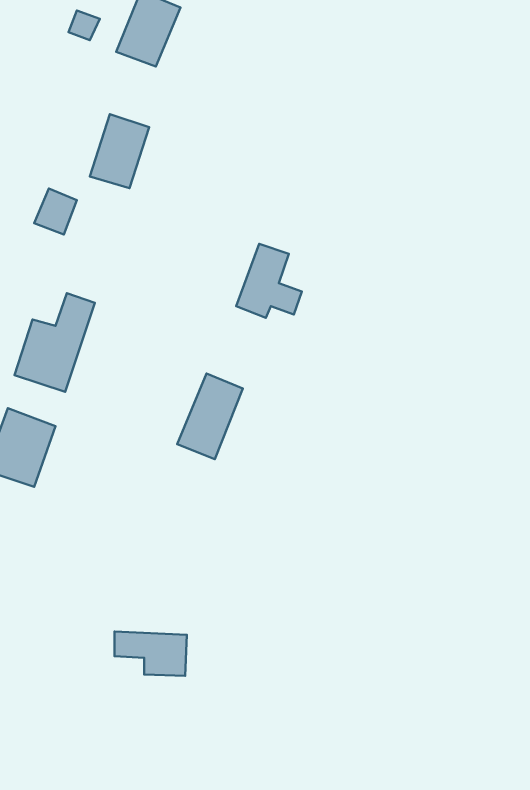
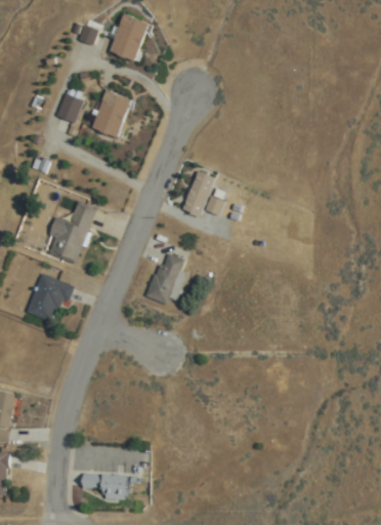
building: [34,189,77,235] -> [56,93,83,122]
building: [115,632,187,676] -> [83,473,128,500]

